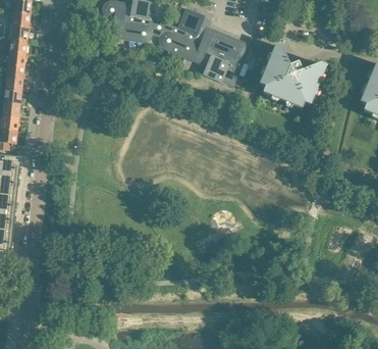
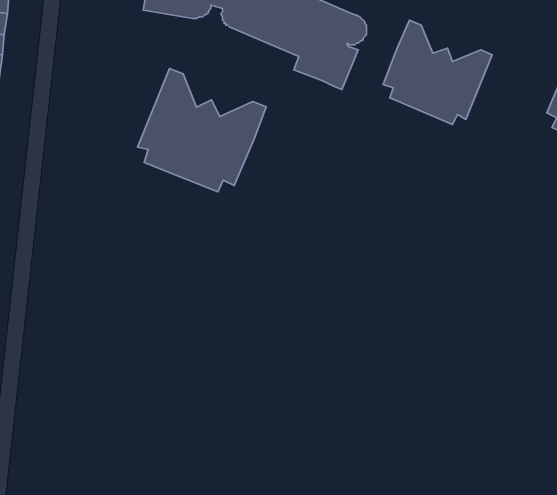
building: none -> [137,68,266,192]

